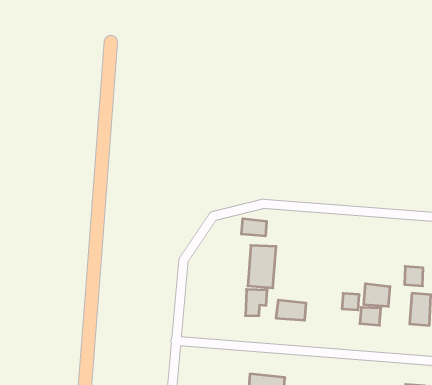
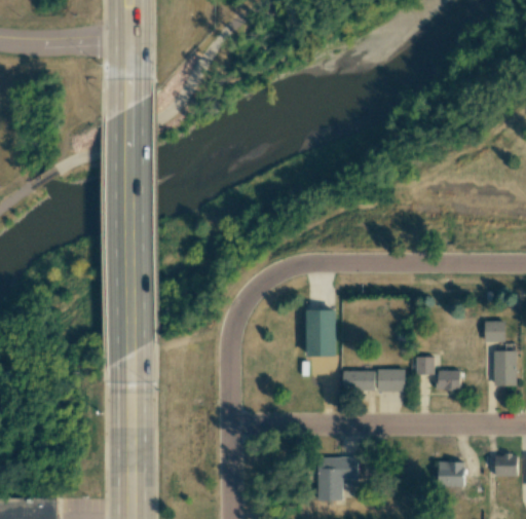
building: [242,219,267,236] -> none
building: [364,284,390,307] -> none
building: none -> [377,369,405,392]

